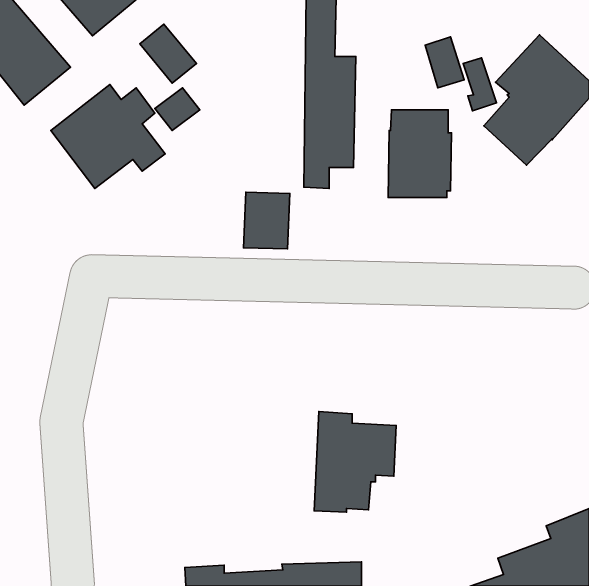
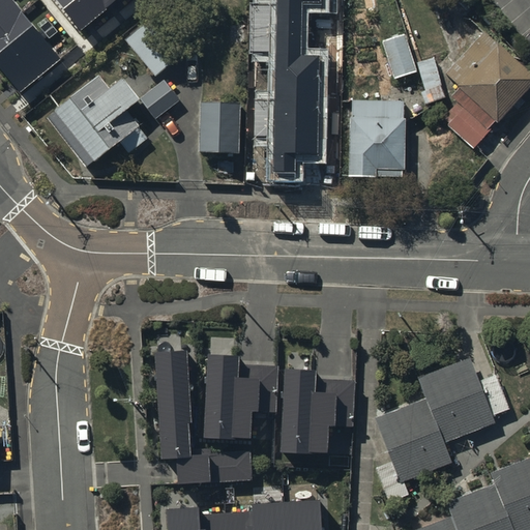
building: [244,192,290,249] -> [198,101,239,152]
building: none -> [155,351,253,488]
building: none -> [207,356,277,442]
building: none -> [373,357,510,501]

